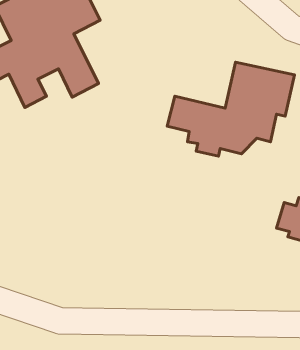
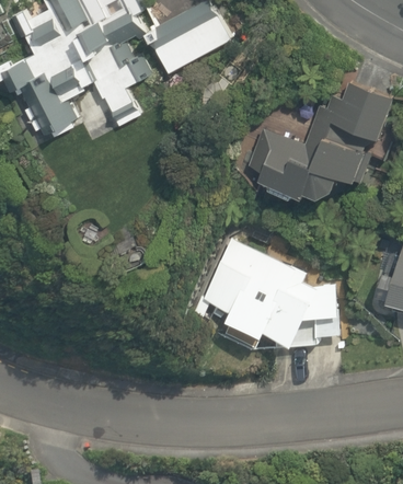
building: none -> [148,9,239,80]
building: none -> [205,240,335,350]

